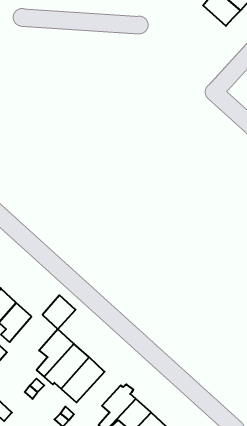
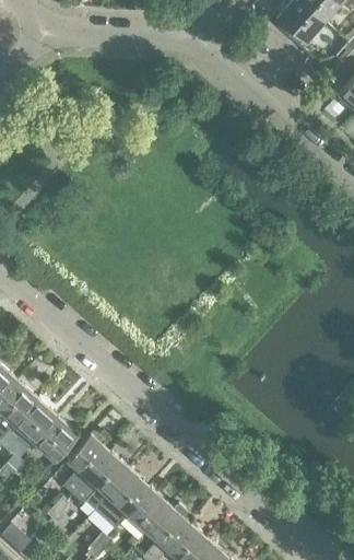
building: [43,295,76,329] -> [34,417,76,460]
building: none -> [114,488,170,532]

